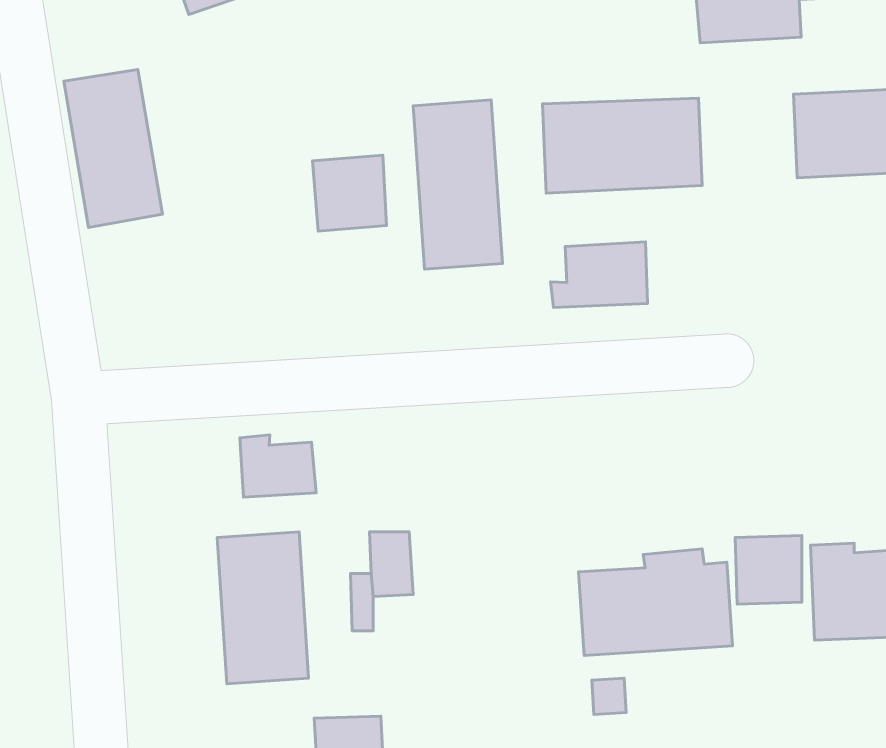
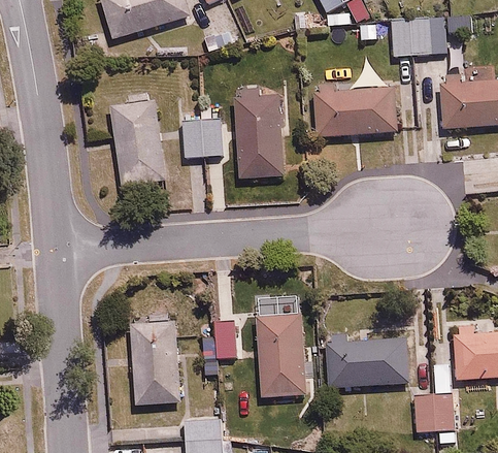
building: [64,70,163,227] -> [110,99,164,185]
building: [551,242,648,307] -> none
building: [240,435,316,497] -> none
building: none -> [256,310,306,397]
building: [735,536,802,604] -> [414,393,451,430]

